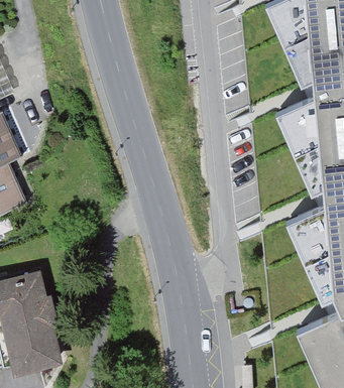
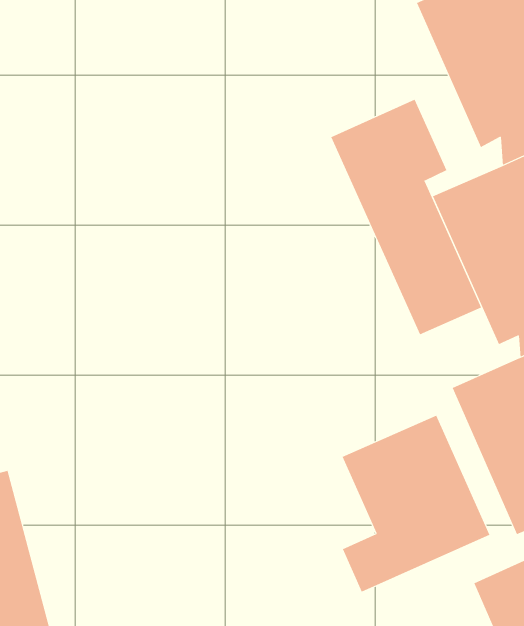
building: none -> [330,99,482,335]
building: none -> [342,415,490,592]

